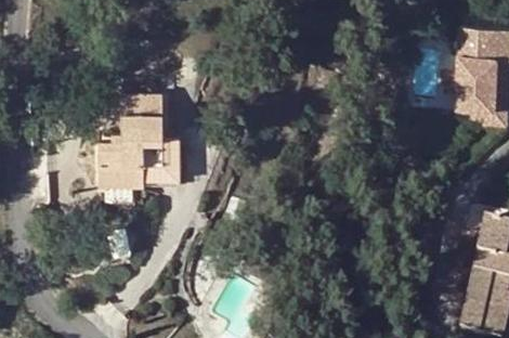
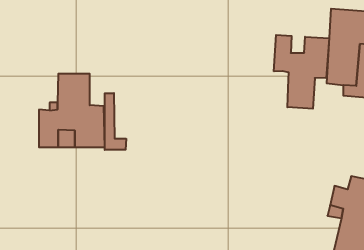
building: none -> [274,35,329,109]
building: none -> [105,93,126,150]

